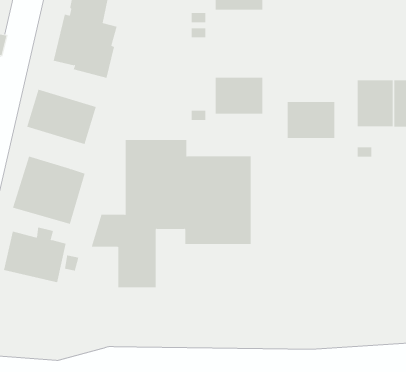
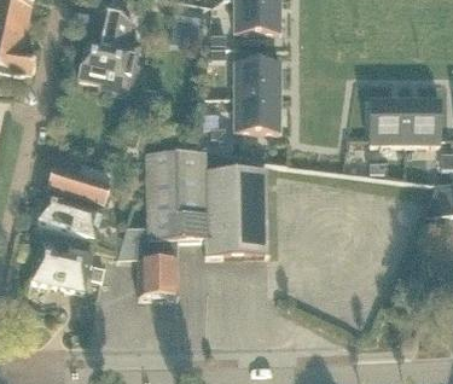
building: [27,89,96,145] -> none
building: [287,102,335,138] -> [233,60,279,95]

